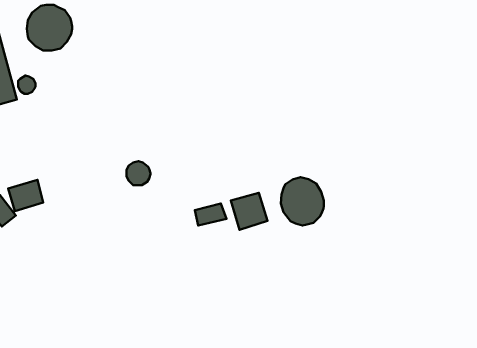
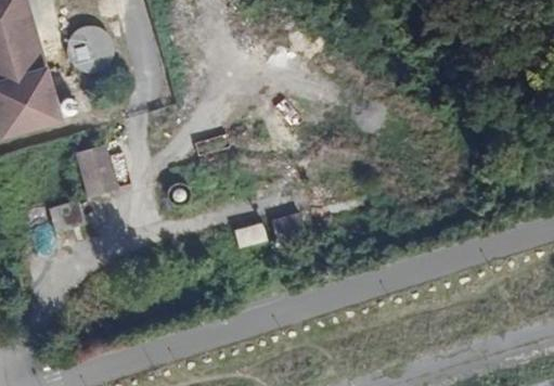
building: none -> [76,144,117,197]
building: [281,177,324,225] -> none

